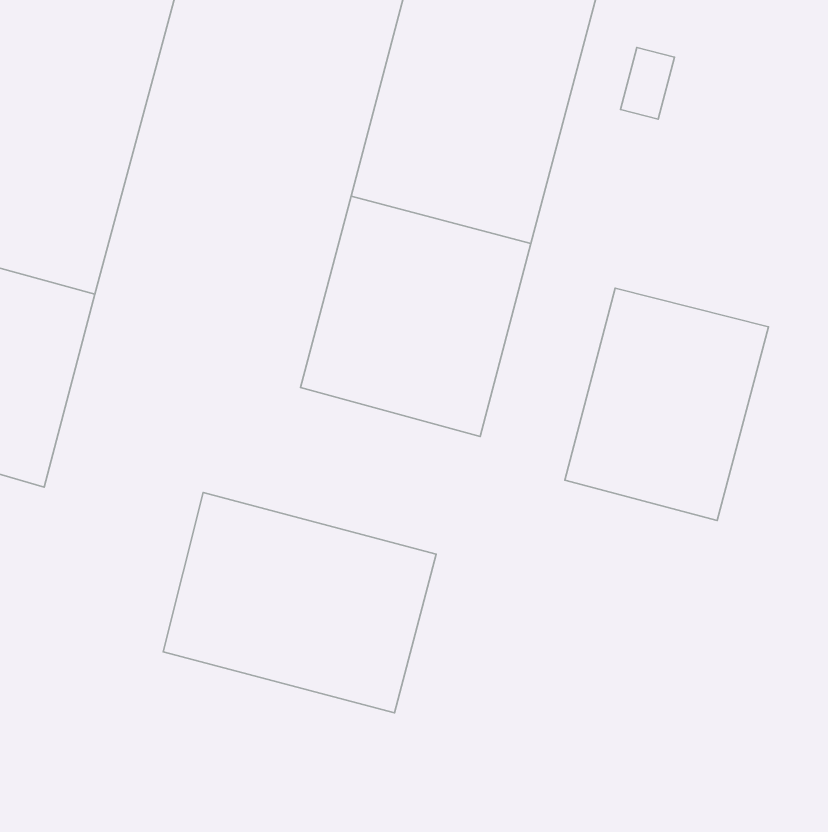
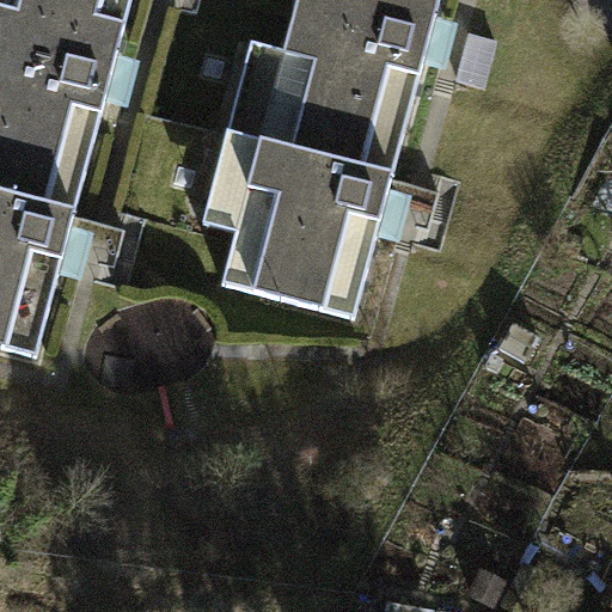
building: [565,288,768,520] -> none
building: [163,493,436,713] -> none

